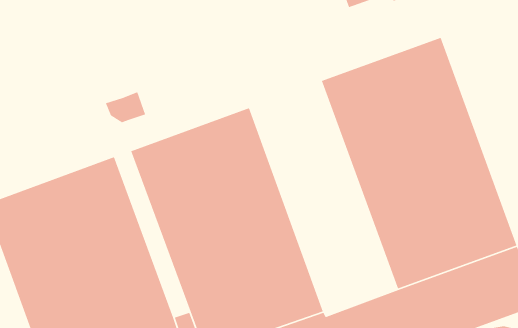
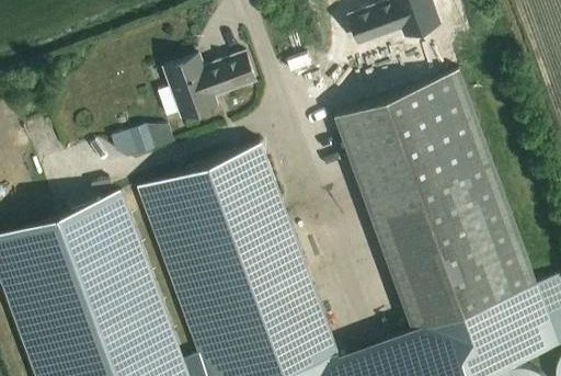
building: none -> [158,55,255,118]

